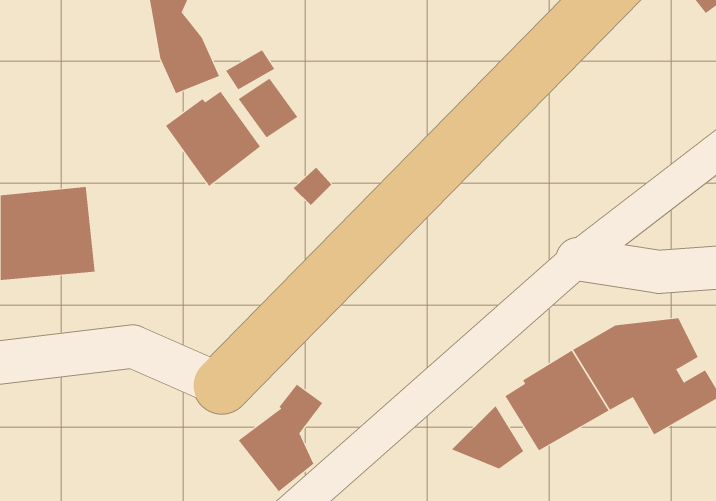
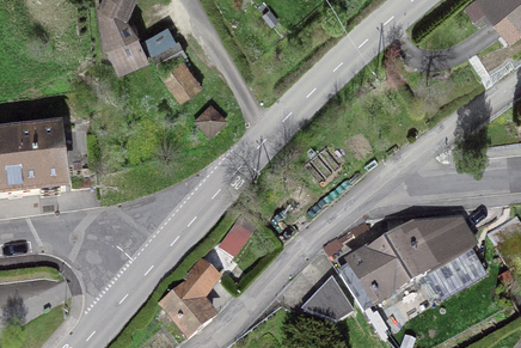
building: [165,91,261,187] -> none

